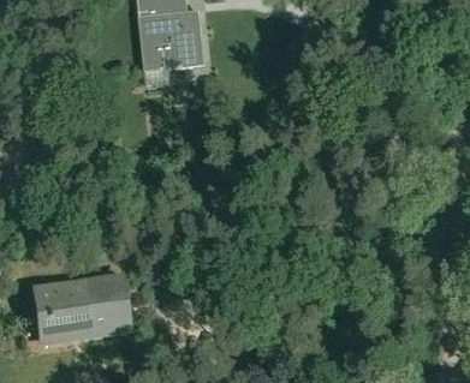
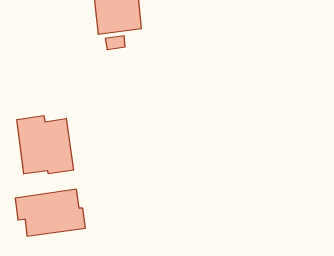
building: none -> [17,116,73,174]

